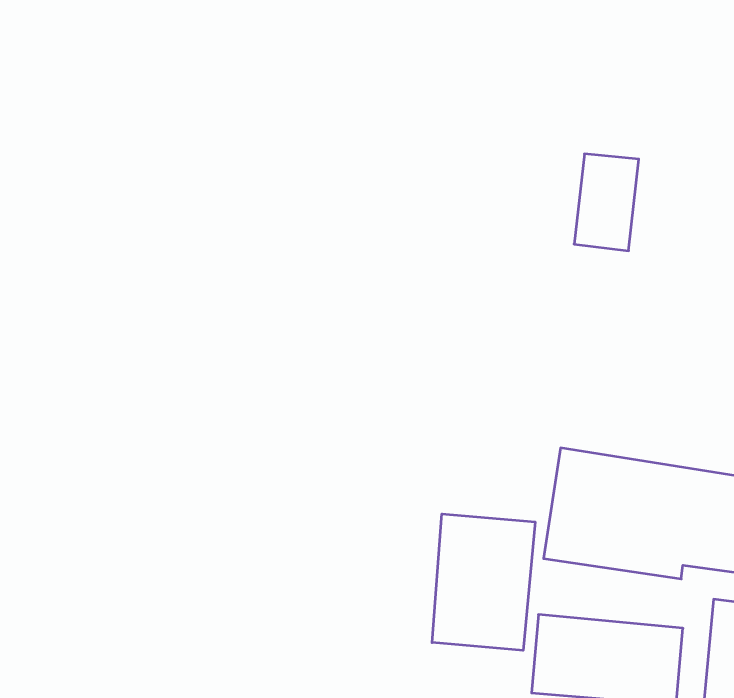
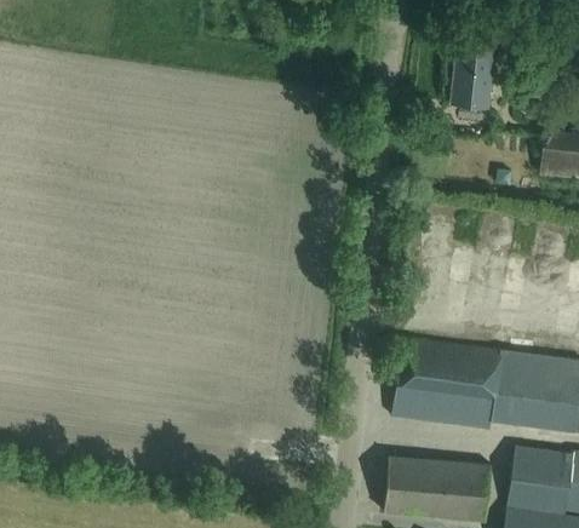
building: [574,154,639,251] -> [451,38,497,107]
building: [432,514,535,650] -> none

